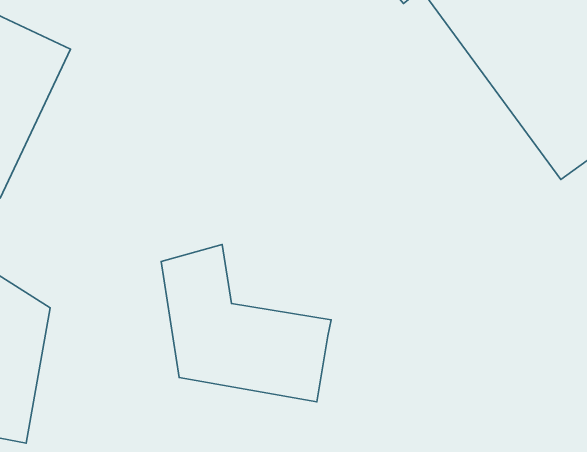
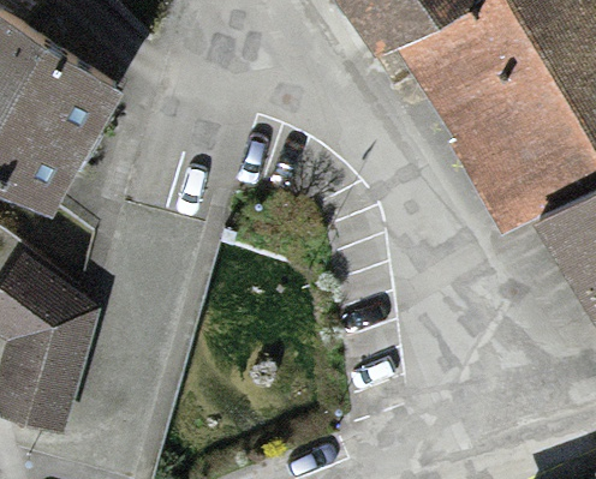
building: [161,244,331,402] -> none

